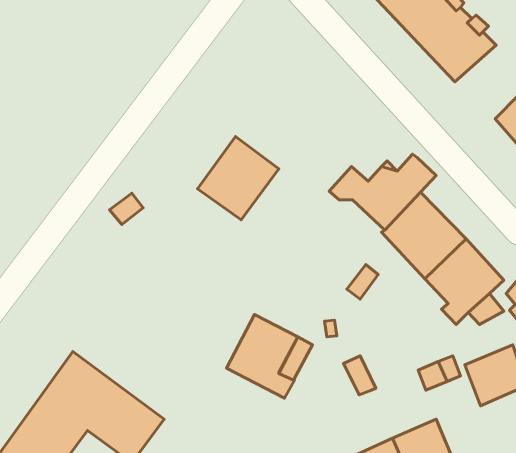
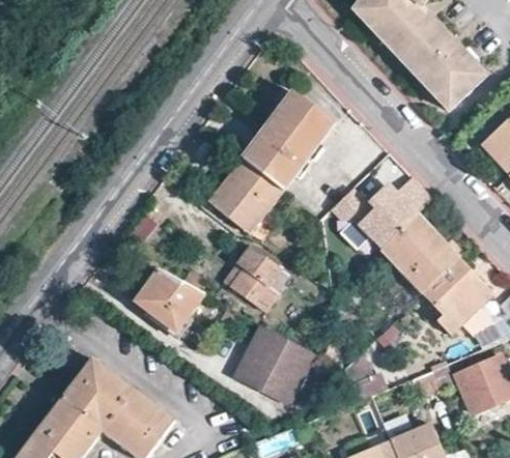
building: none -> [243,92,334,190]
building: none -> [221,247,276,310]
building: none -> [134,271,204,334]

